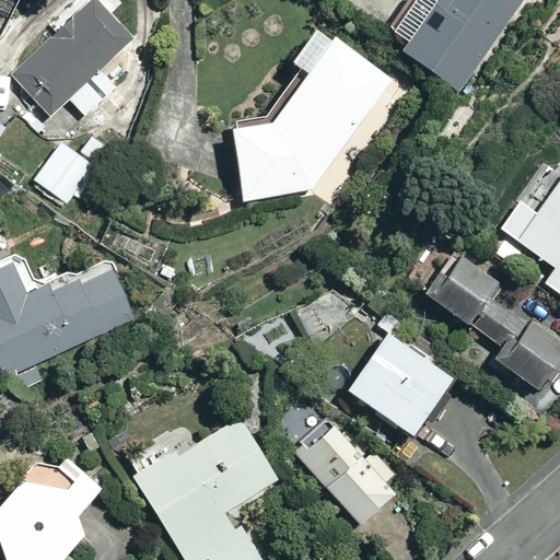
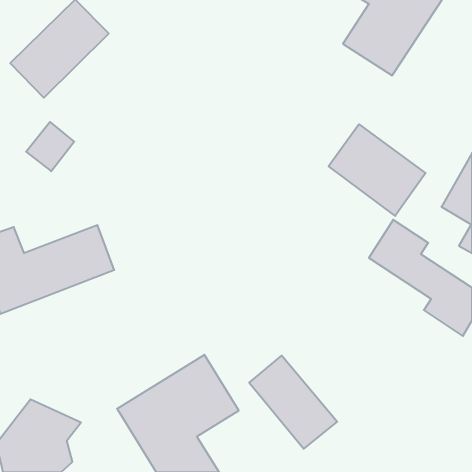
building: [233,35,392,199] -> none
building: none -> [329,124,426,216]
building: [349,336,453,438] -> none

